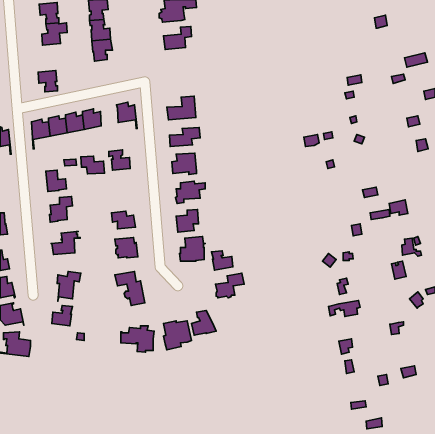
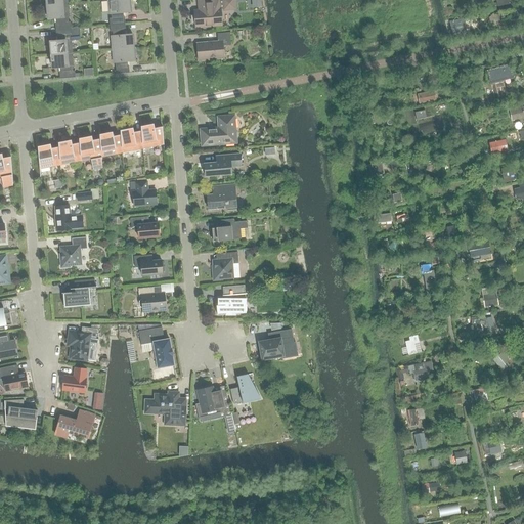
building: [38,70,58,92] -> [51,52,75,78]
building: none -> [120,127,142,151]
building: [81,156,105,174] -> [130,216,159,237]
building: [212,251,233,270] -> none
building: none -> [56,409,95,438]

